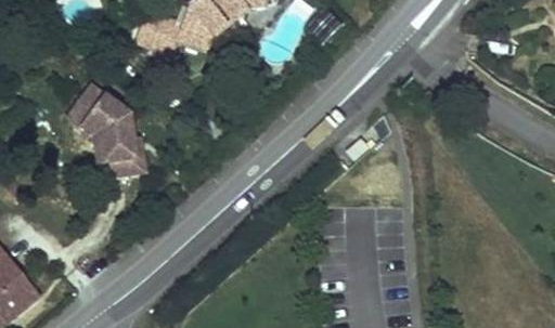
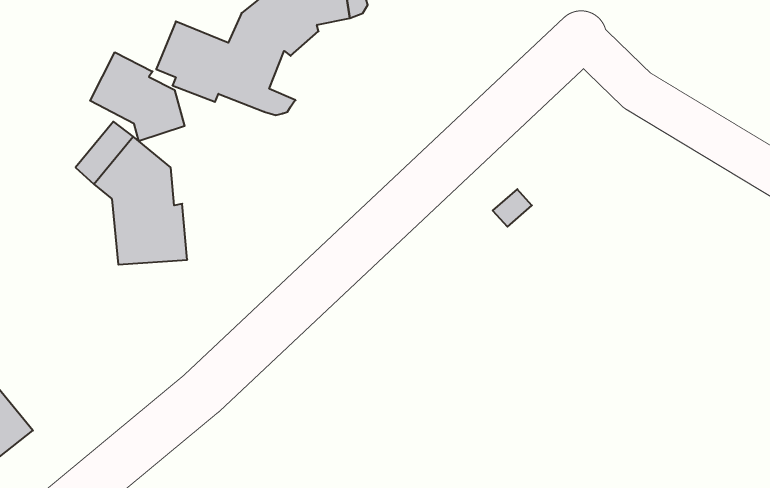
building: none -> [90,52,185,141]

